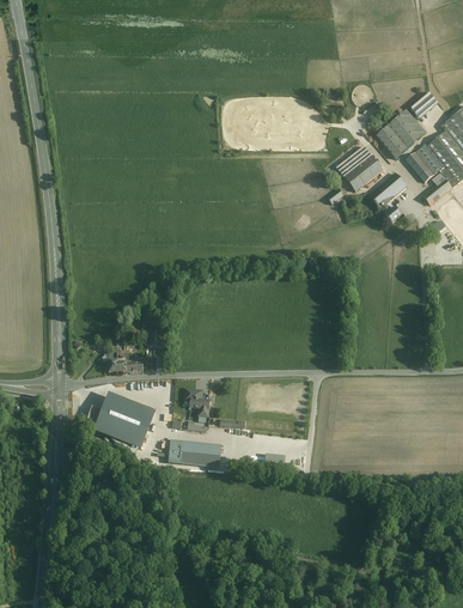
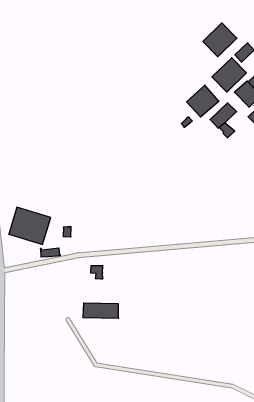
building: none -> [203,23,237,57]
building: [95,394,156,449] -> [9,207,51,244]

